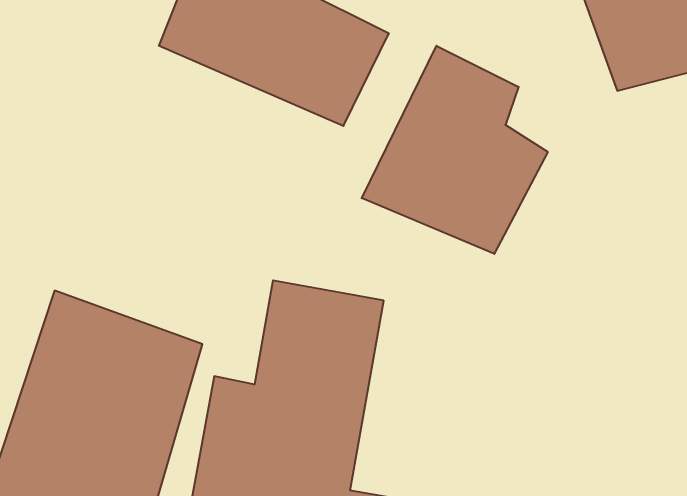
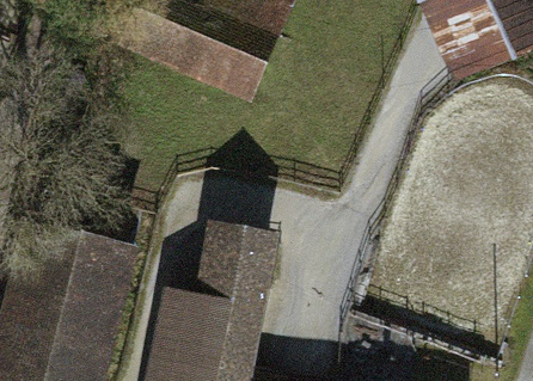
building: [362,46,548,254] -> none

